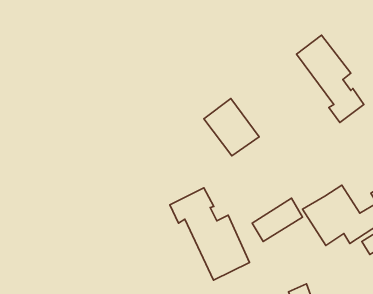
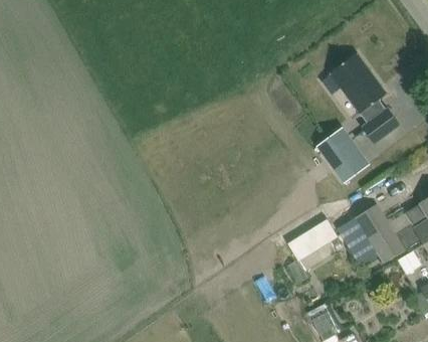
building: [204,99,259,156] -> [315,127,371,184]
building: [170,188,249,280] -> none

